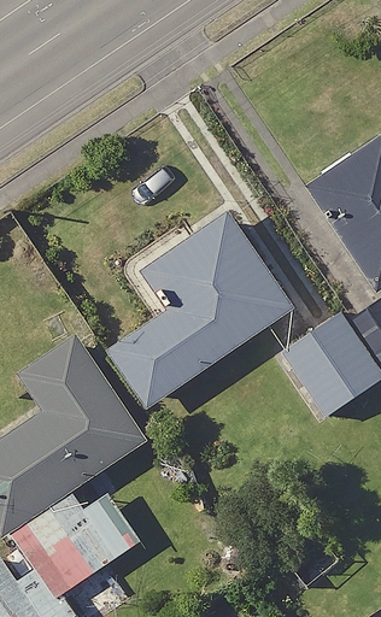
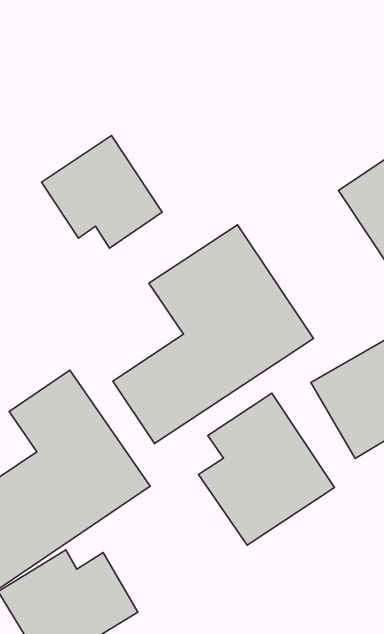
building: none -> [41,136,162,248]
building: none -> [198,393,335,545]

